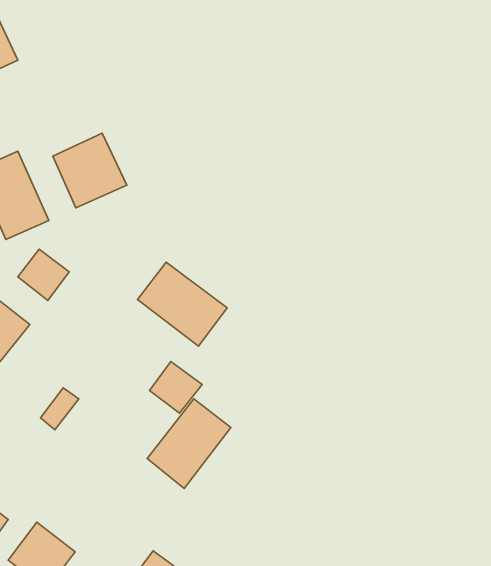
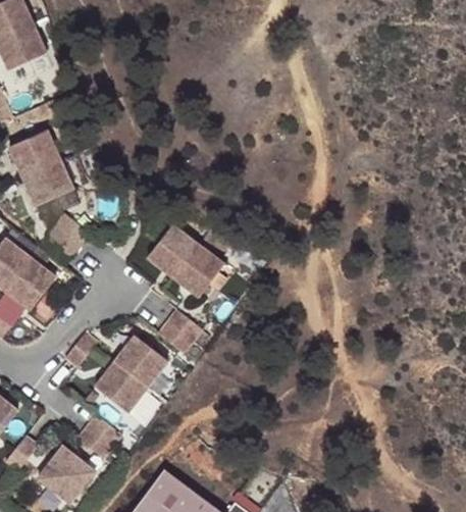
building: [53,133,127,208] -> none
building: [147,399,231,489] -> [96,336,167,412]
building: none -> [77,414,122,459]

